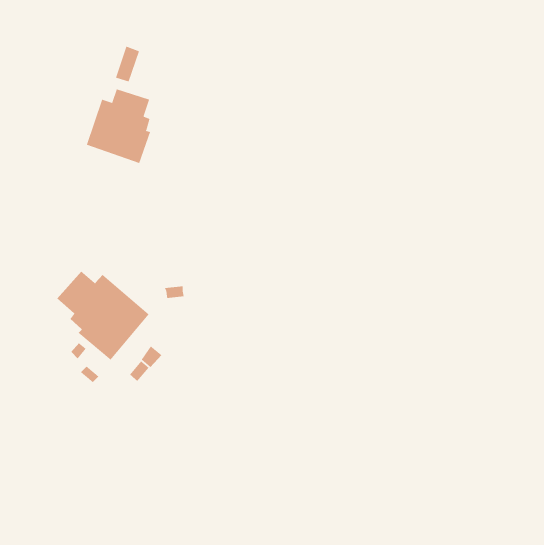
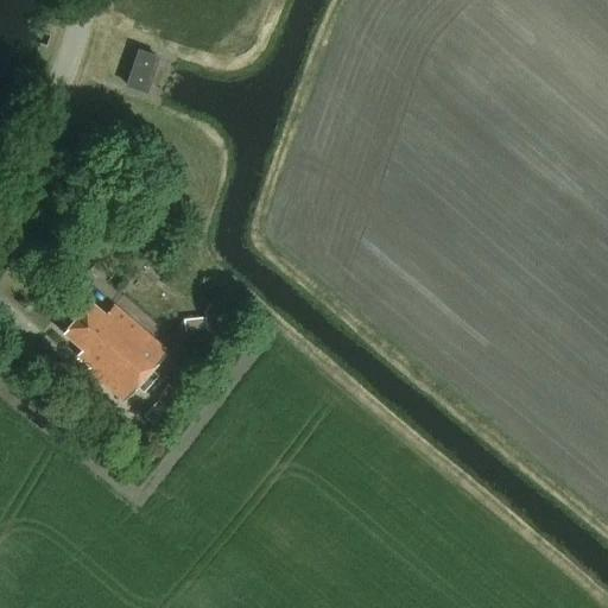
building: [86,88,151,164] -> none

